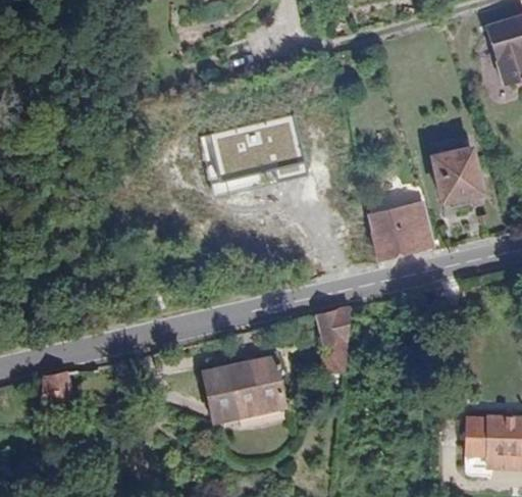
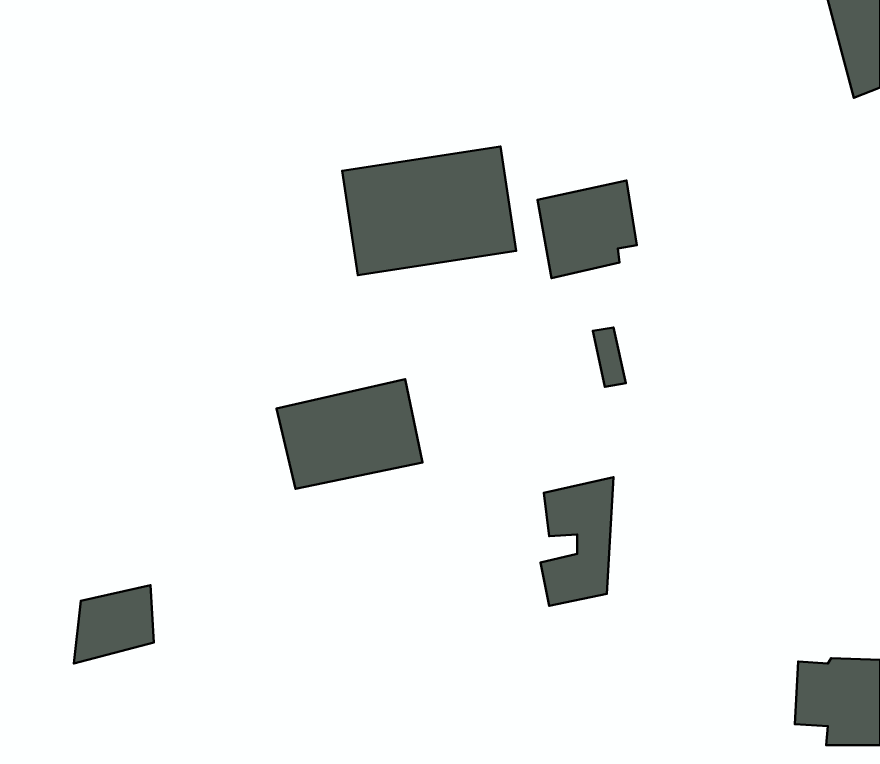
building: [430,150,479,204] -> none
building: [370,207,428,264] -> [538,181,637,278]
building: [204,356,290,420] -> [276,379,423,489]

